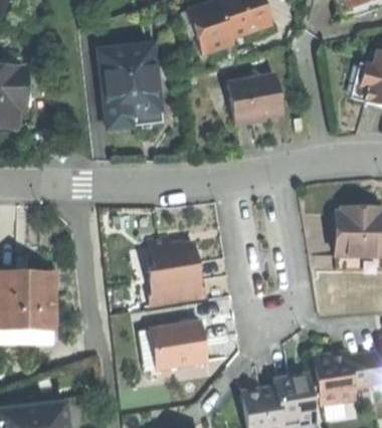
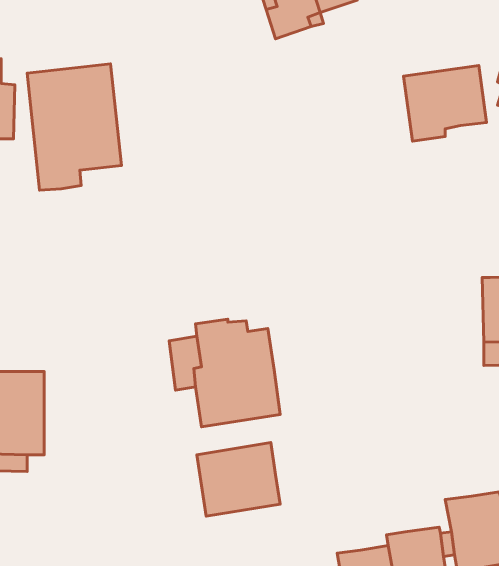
building: [101,46,162,129] -> [27,64,121,190]
building: [229,77,283,127] -> [403,66,487,141]

